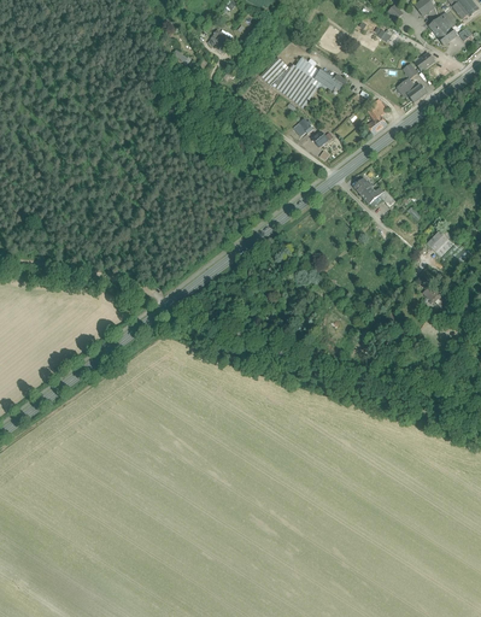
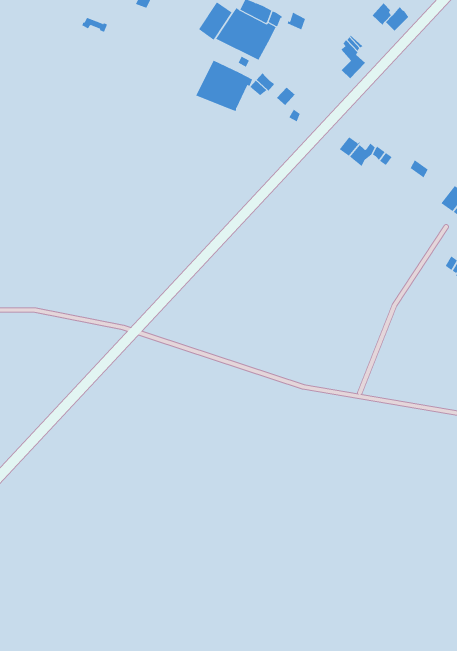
building: none -> [195,60,253,112]

